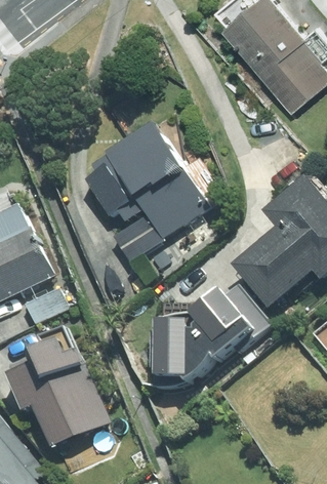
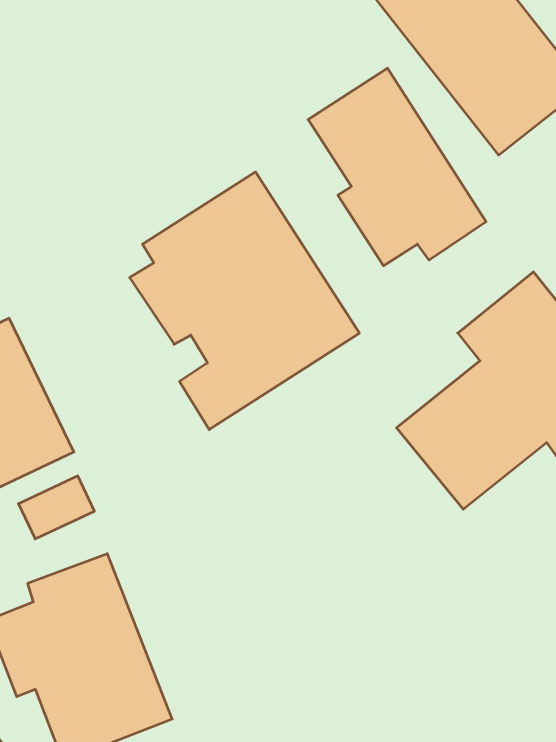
building: none -> [308,68,486,266]
building: [148,284,270,393] -> none

